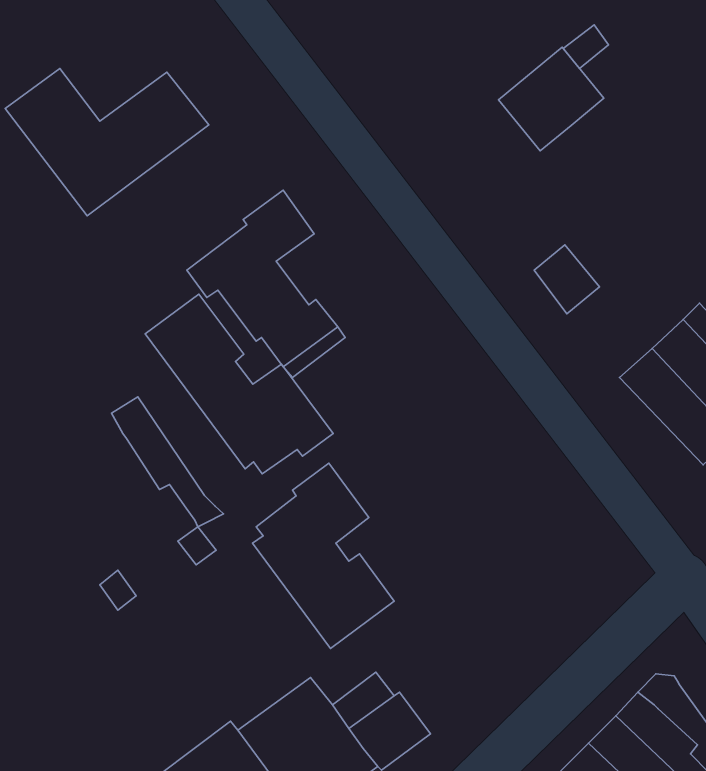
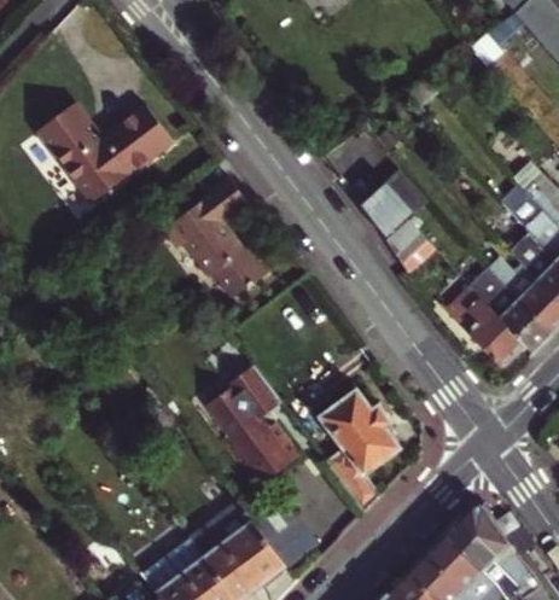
building: [498,47,604,151] -> [362,168,432,237]
building: [145,294,333,474] -> none
building: [112,397,224,527] -> none
building: none -> [321,391,400,513]

